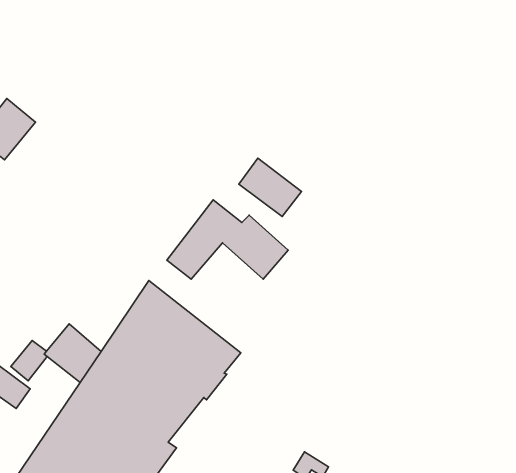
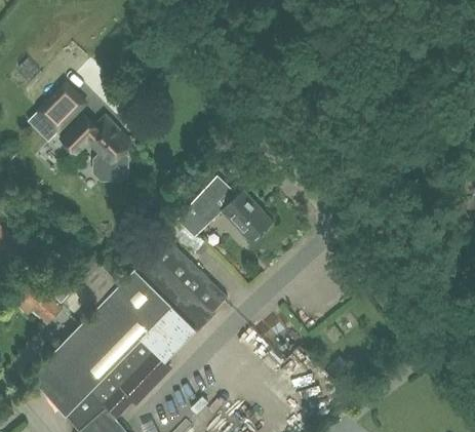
building: none -> [61,115,129,182]
building: [239,158,301,216] -> none

